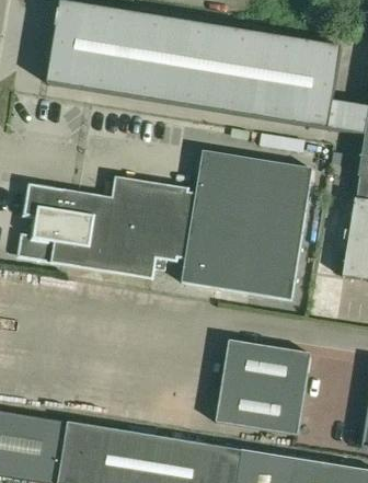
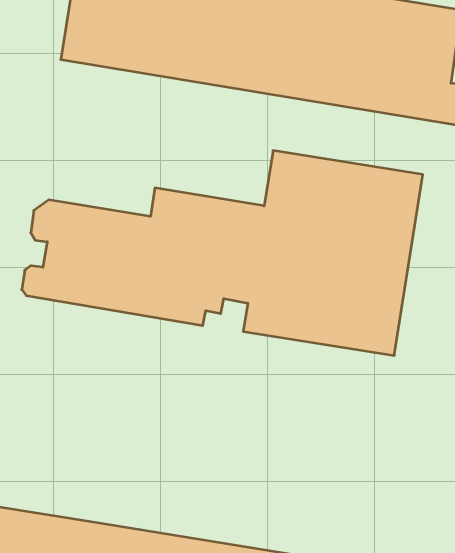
building: [215,338,311,435] -> none

